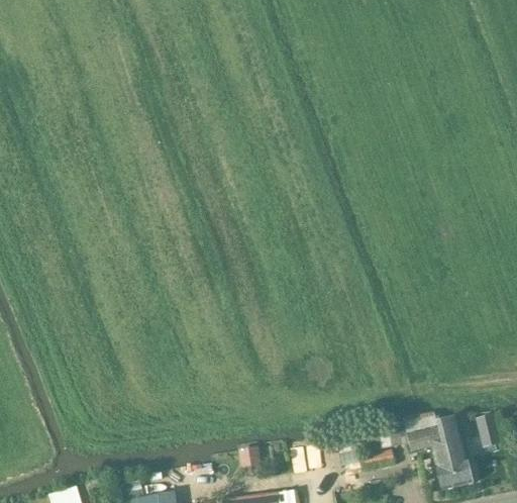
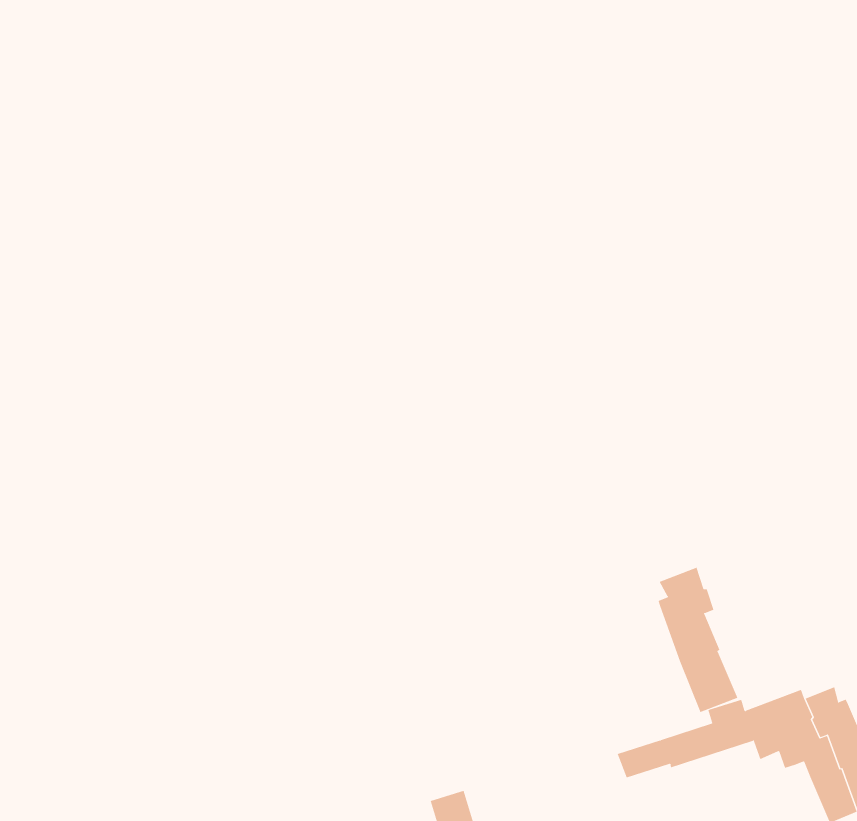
building: none -> [658,567,738,713]

